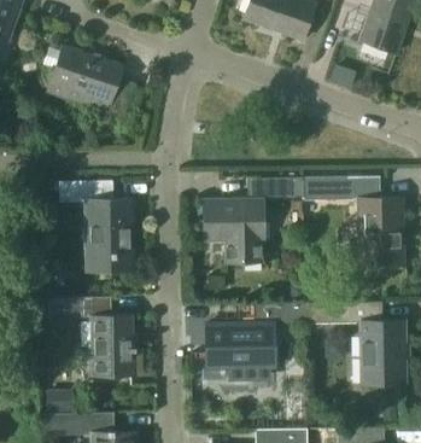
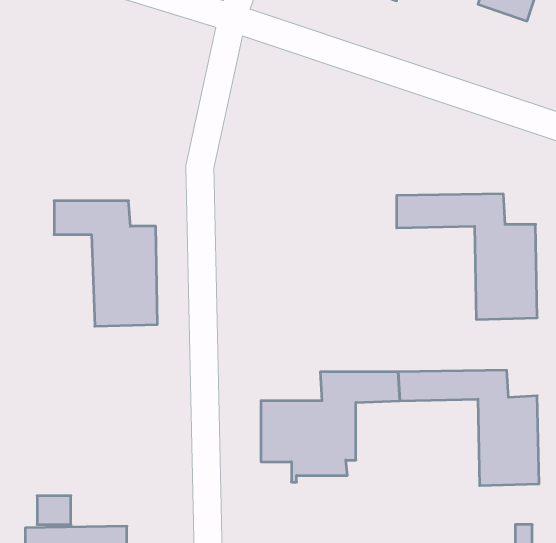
building: [43,46,144,122] -> none
building: [204,177,303,262] -> none
building: [36,297,141,375] -> none

